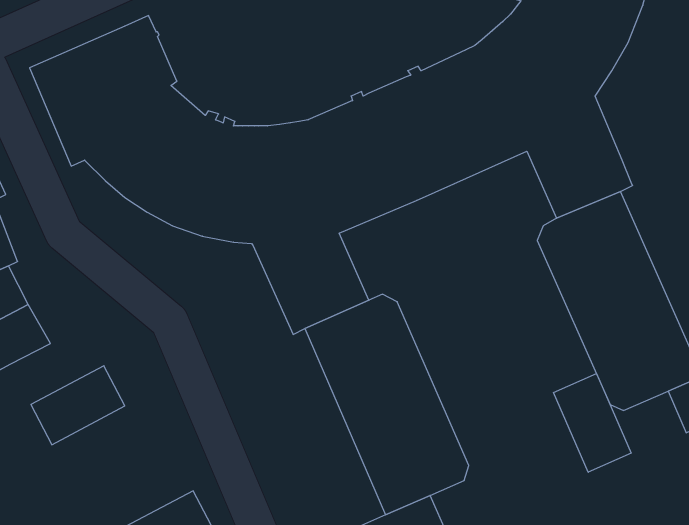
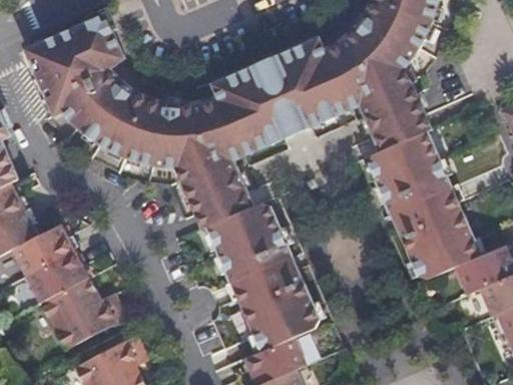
building: none -> [12,224,75,276]
building: [554,373,631,472] -> none
building: none -> [39,277,126,350]

